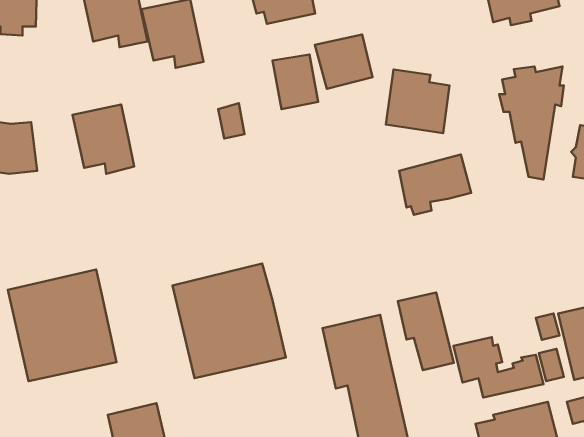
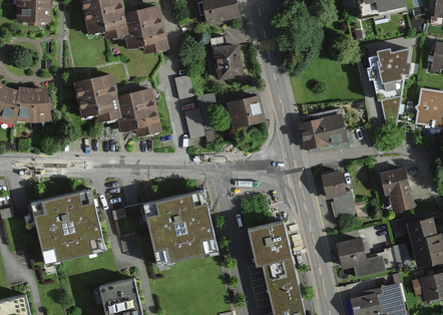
building: [315,35,372,89] -> [226,90,265,127]
building: [386,70,450,133] -> none
building: none -> [113,91,156,135]
building: none -> [183,94,215,142]
building: none -> [380,165,415,209]
building: [398,292,454,370] -> [320,165,358,218]

